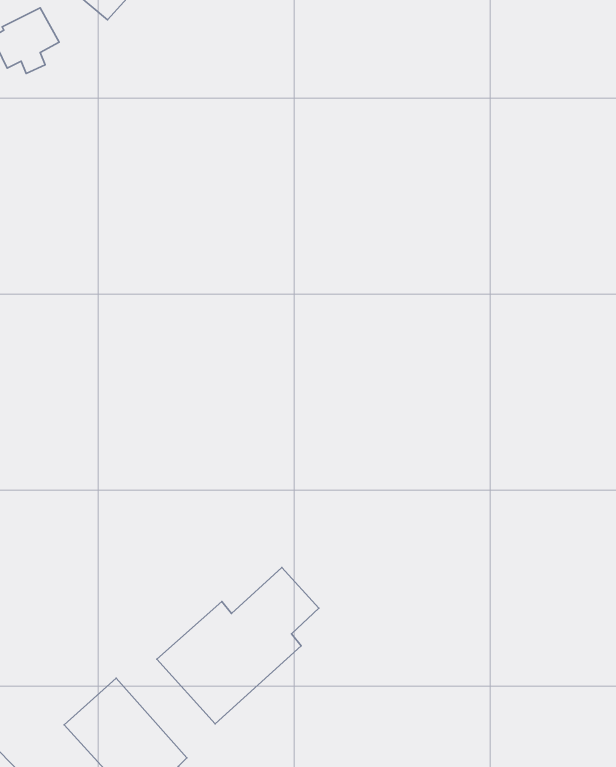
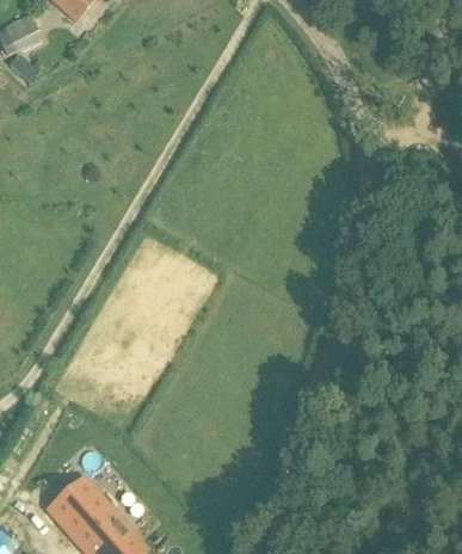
building: [157,567,319,724] -> none

